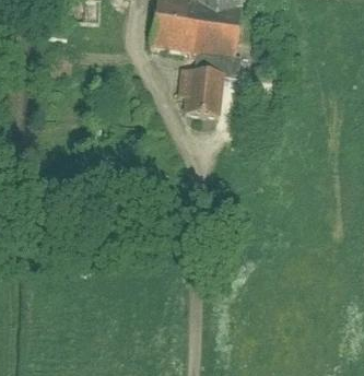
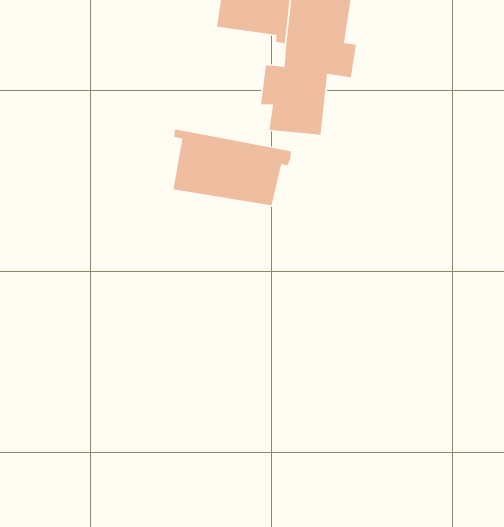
building: none -> [173,128,292,206]

